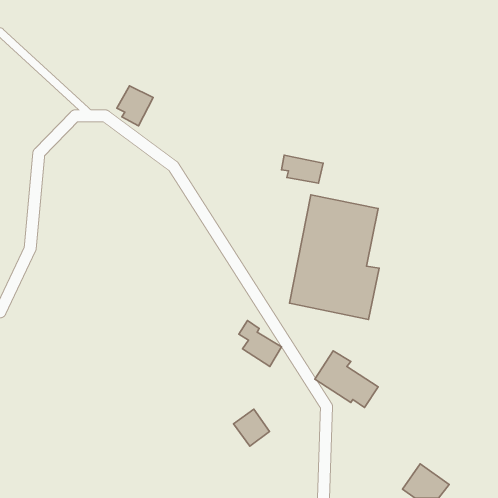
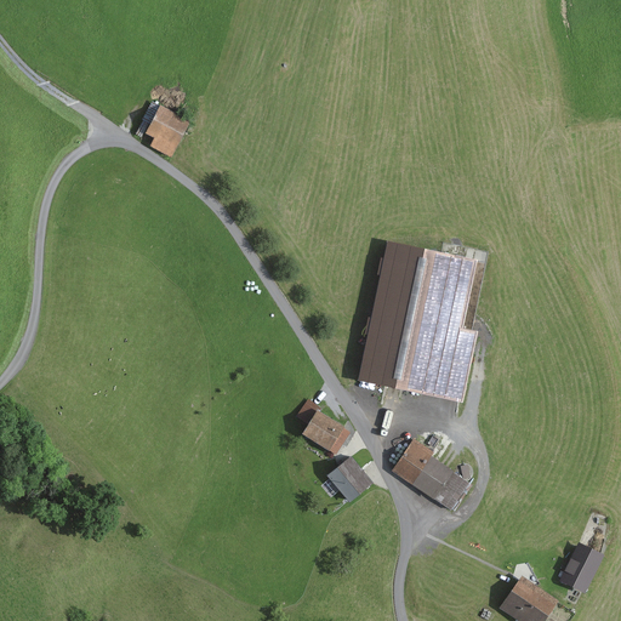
building: [281,155,323,183] -> none
building: [233,409,269,446] -> [326,458,371,505]
building: none -> [560,543,604,593]

